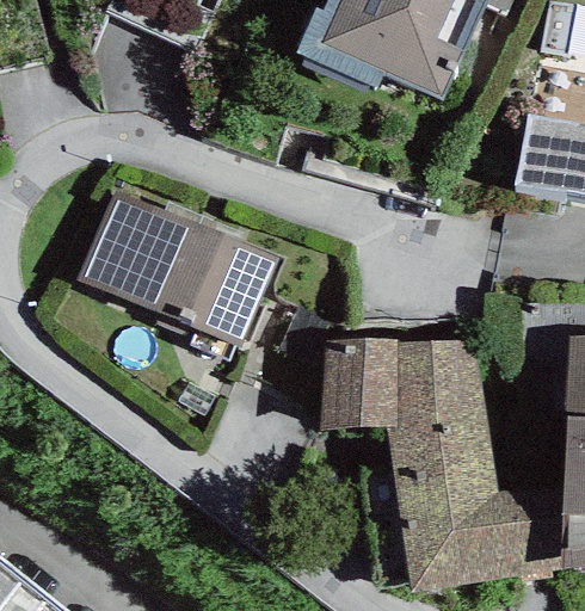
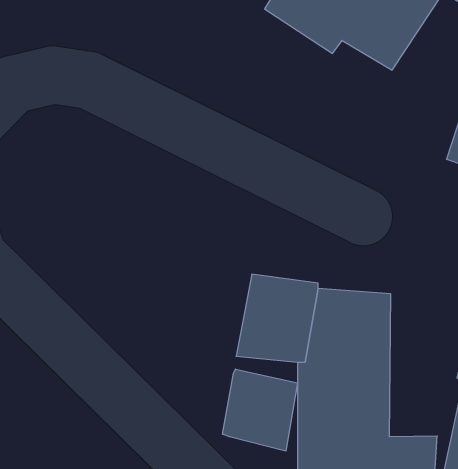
building: [78,190,279,347] -> none
building: none -> [222,369,297,451]

